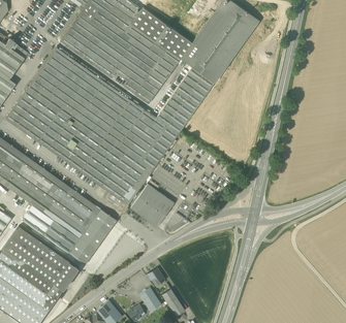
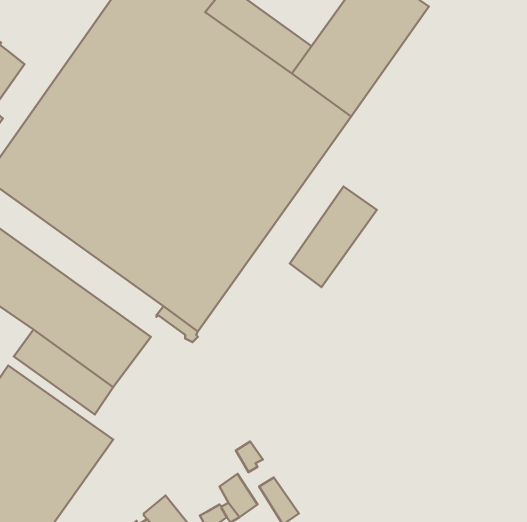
building: none -> [290,186,377,287]
building: [130,184,174,226] -> none
building: [68,208,117,265] -> none

